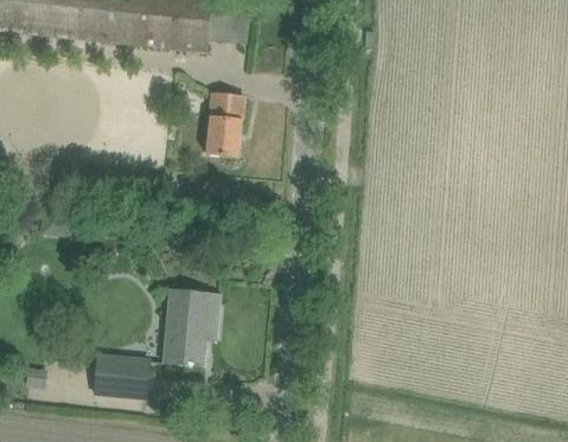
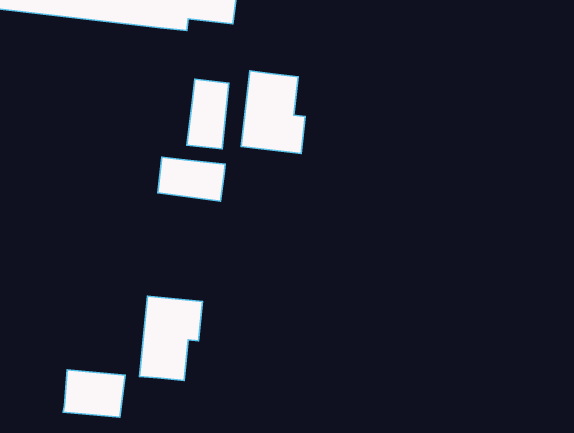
building: none -> [241,71,305,154]
building: none -> [158,157,225,201]

